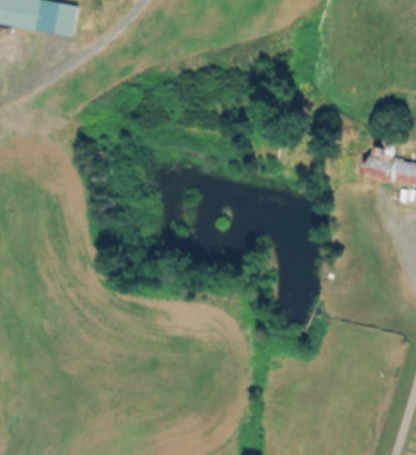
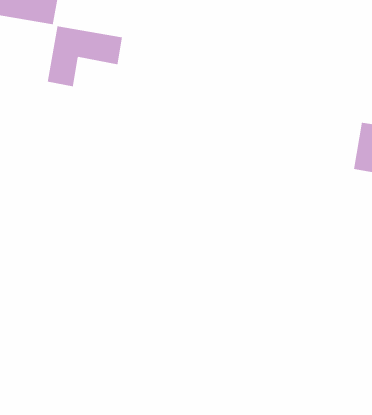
building: none -> [47,26,123,87]

